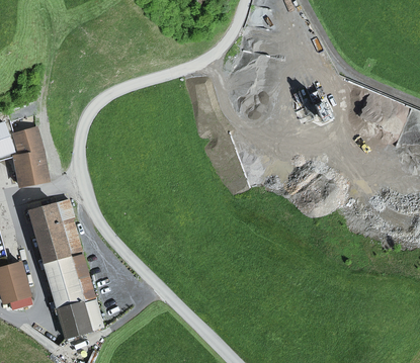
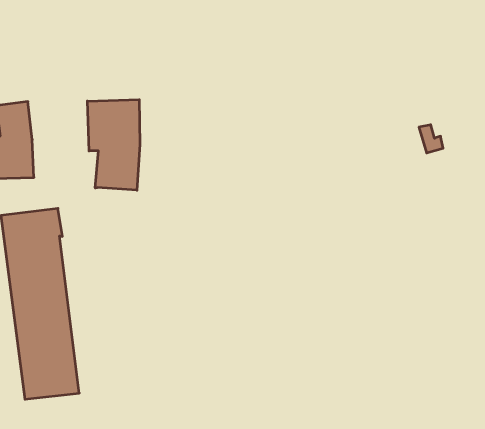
building: none -> [87,100,140,190]

